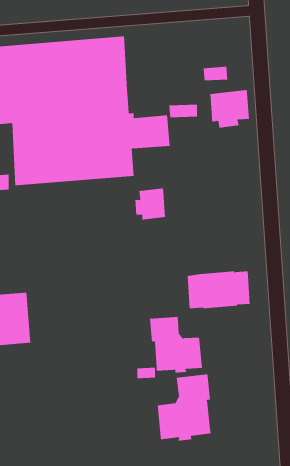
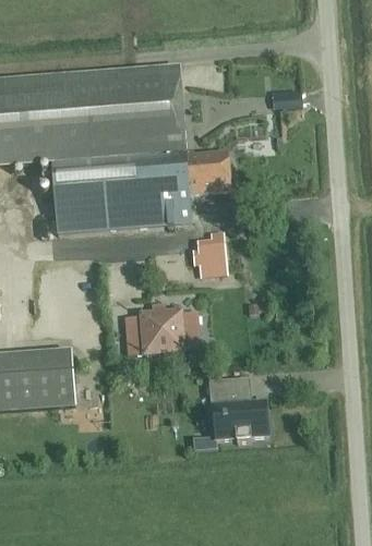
building: [210,89,249,128] -> none
building: [187,271,250,309] -> [125,307,196,350]
building: [157,373,211,441] -> none

